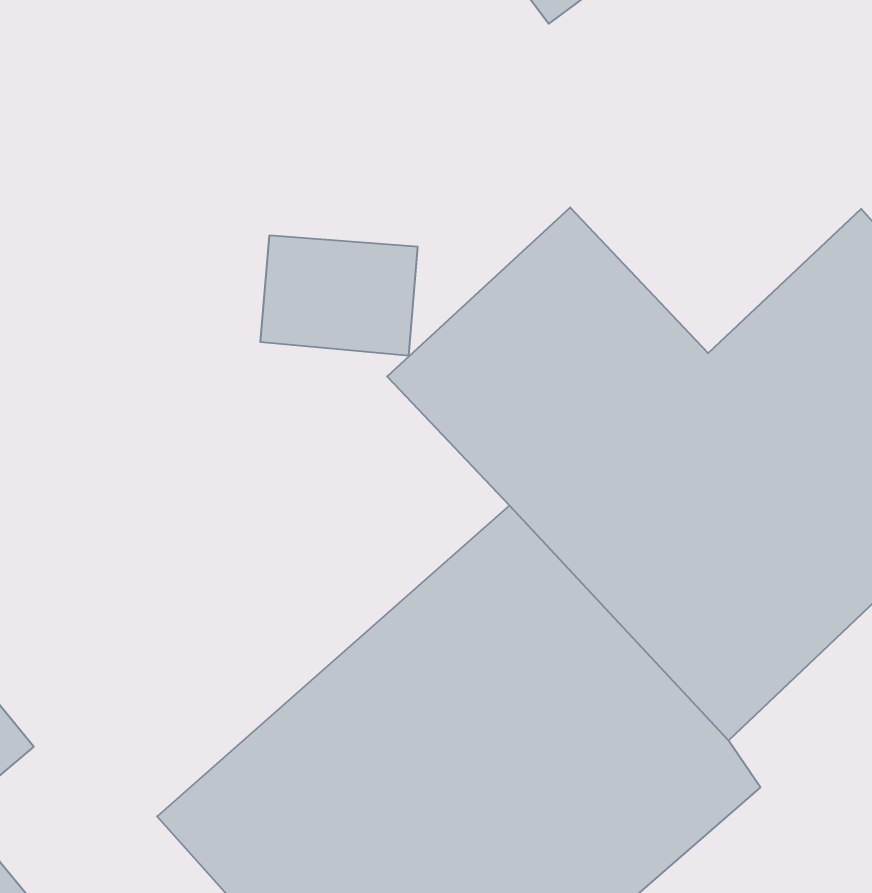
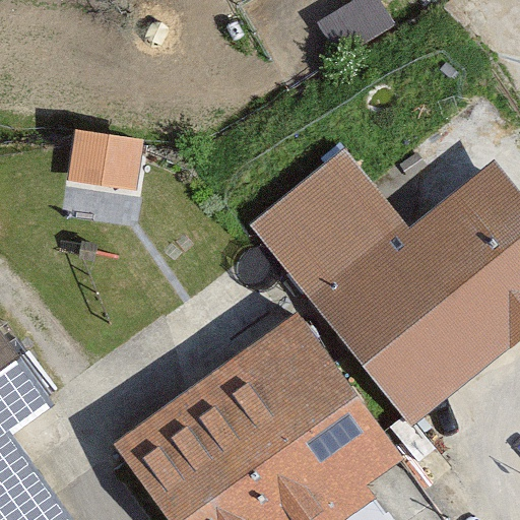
building: [260,236,418,355] -> [66,135,150,202]

